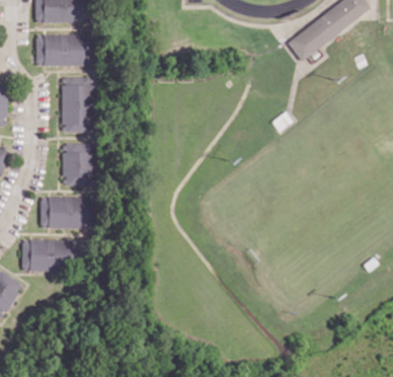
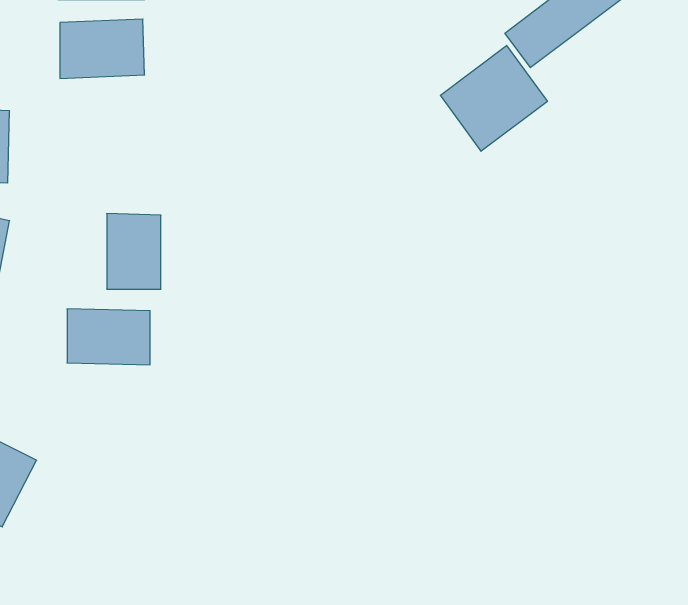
building: none -> [440,45,547,151]
building: [61,77,92,133] -> none
building: [20,239,73,272] -> none

